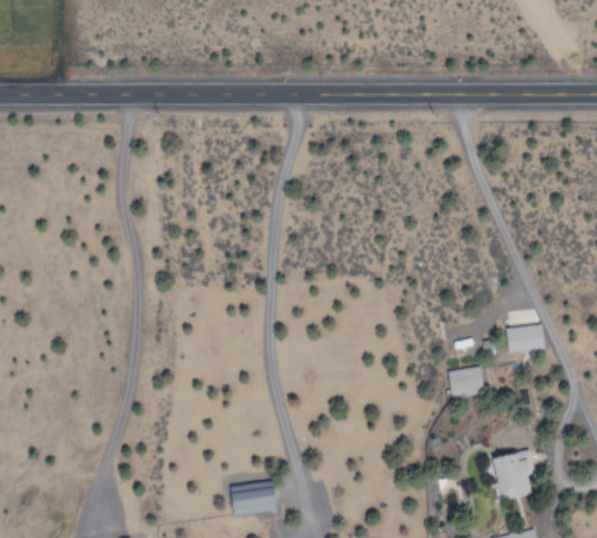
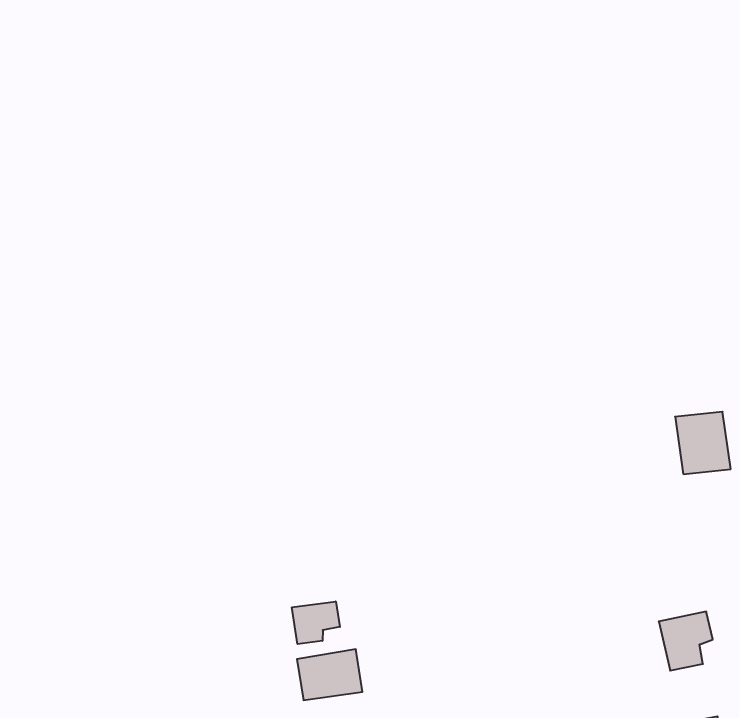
building: [449,366,484,398] -> none
building: none -> [292,601,340,644]

